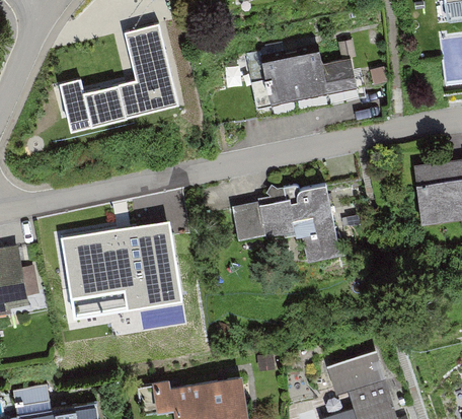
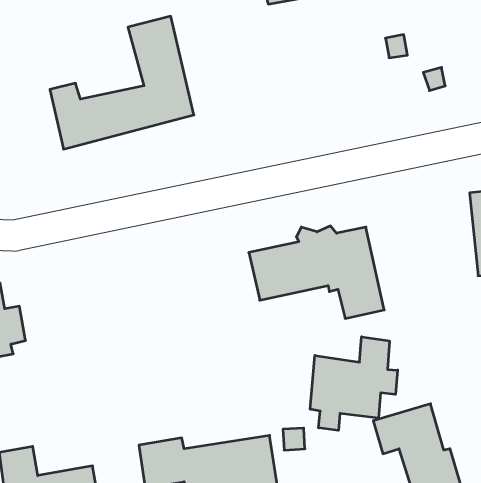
building: [262,49,357,104] -> none
building: [61,220,183,319] -> none
building: none -> [310,337,398,430]

